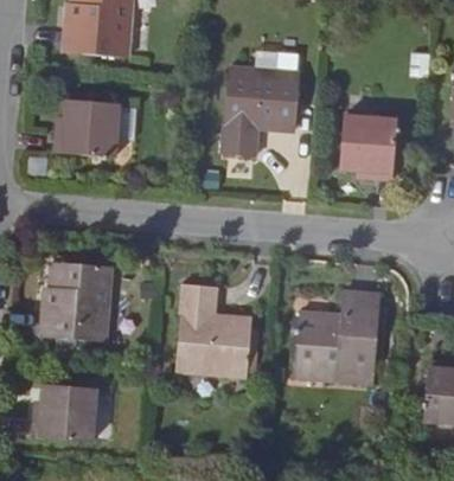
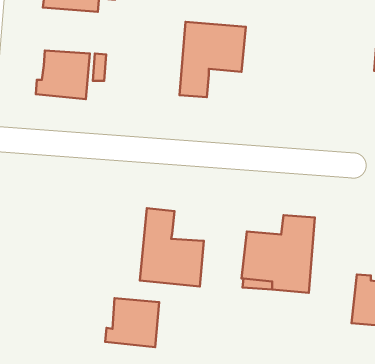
building: [339,116,396,179] -> none
building: [40,262,110,341] -> none
building: [32,384,95,441] -> [105,298,159,347]

